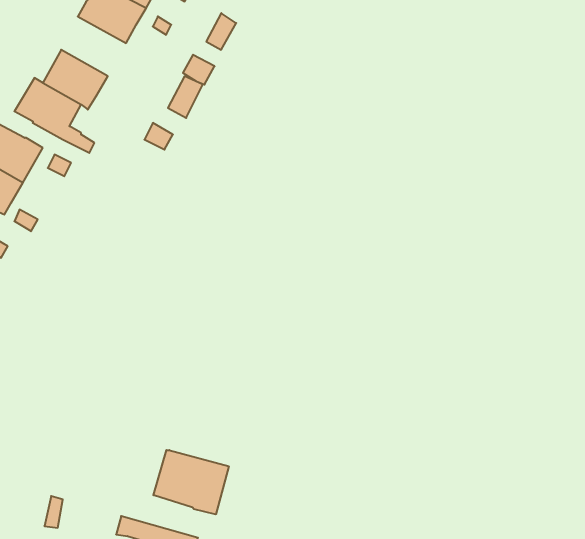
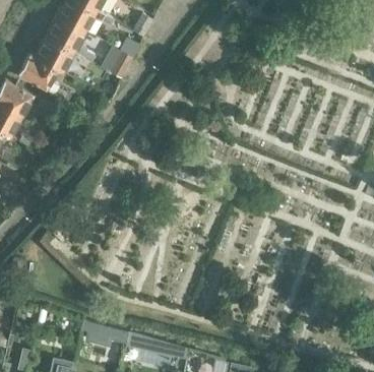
building: none -> [46,15,95,61]
building: [153,450,229,514] -> none

